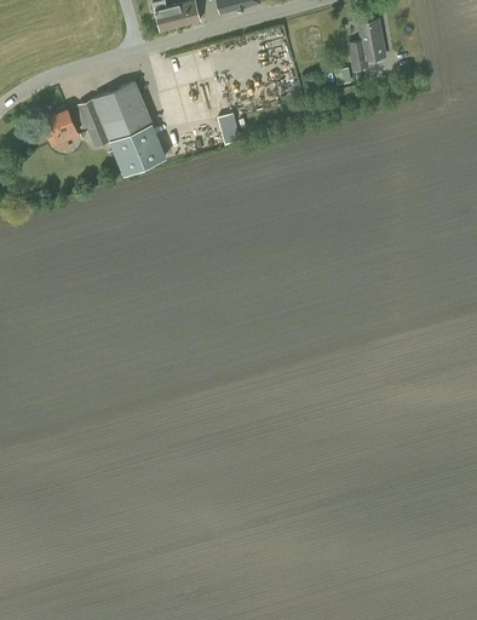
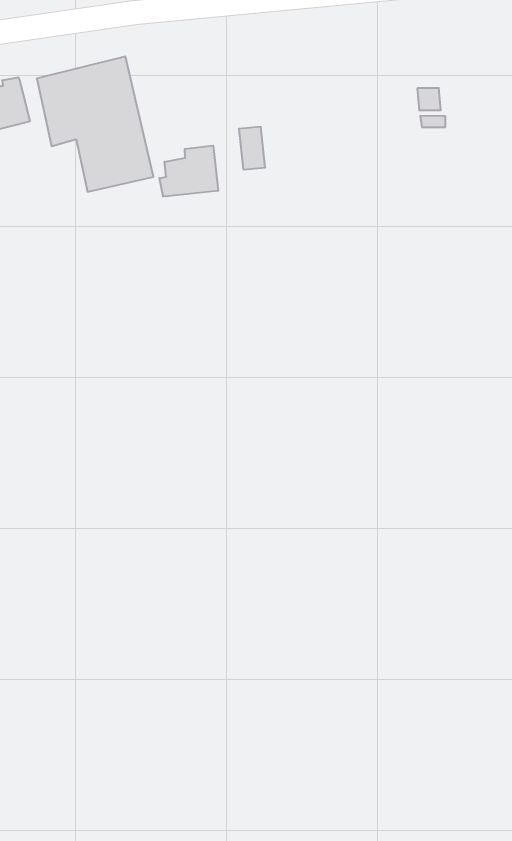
building: [347,19,385,70] -> none
building: none -> [159,146,218,197]

